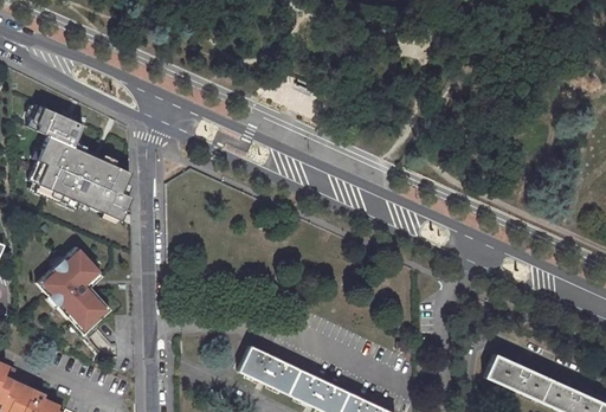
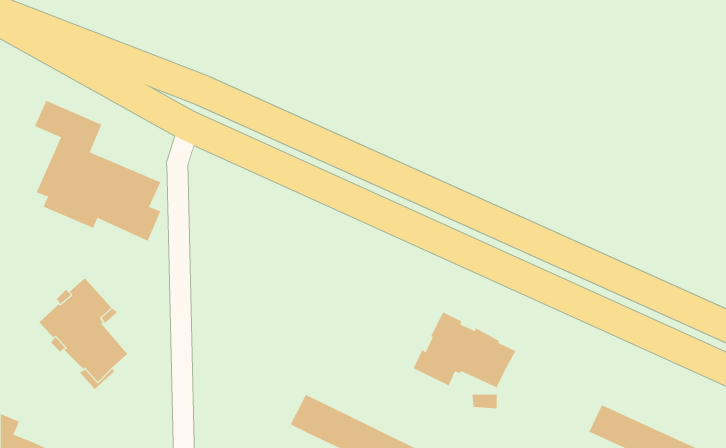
building: none -> [413,312,516,388]

